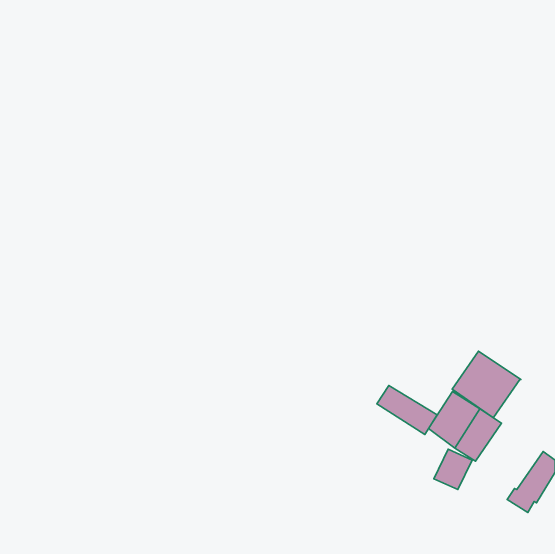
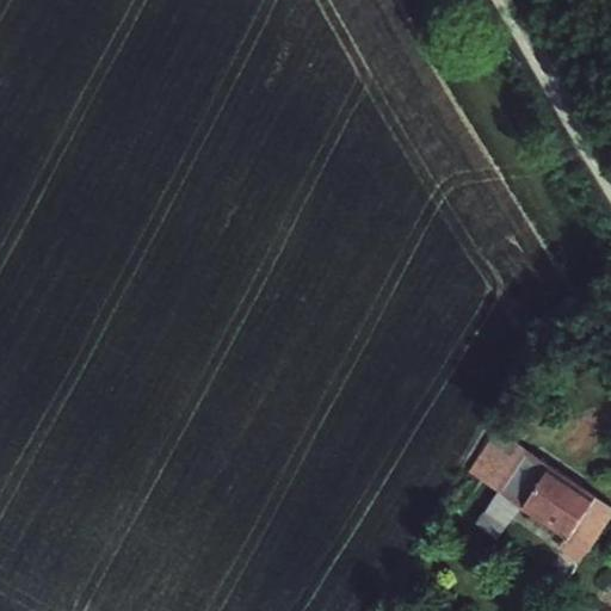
building: [452,351,521,418] -> [520,467,595,539]
building: [377,385,437,434] -> none

